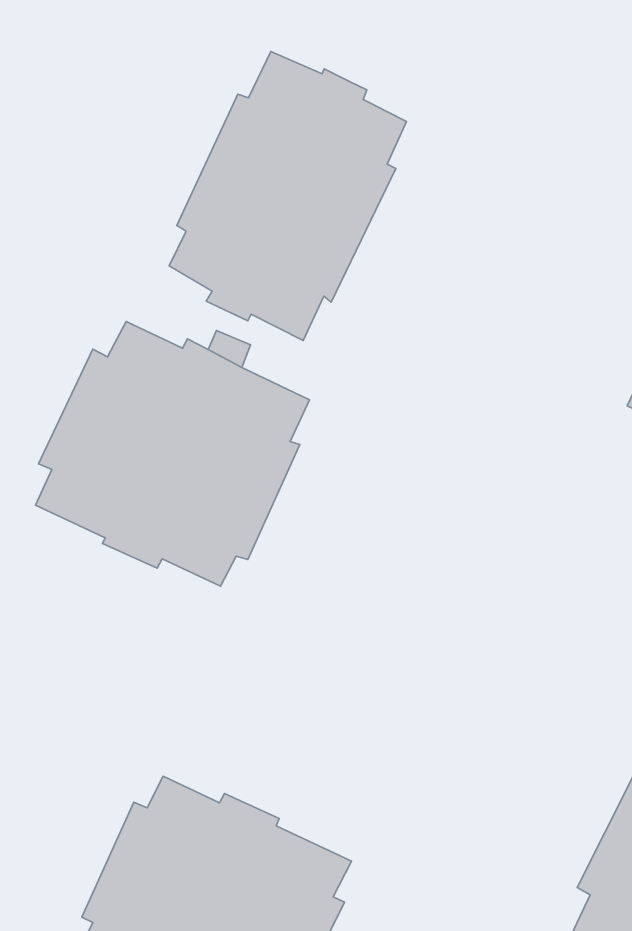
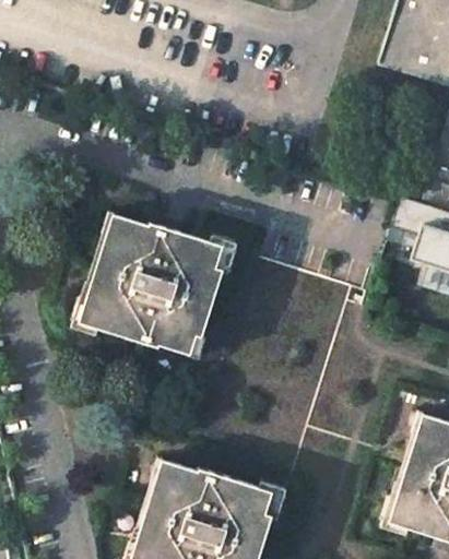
building: [169,52,407,341] -> none

